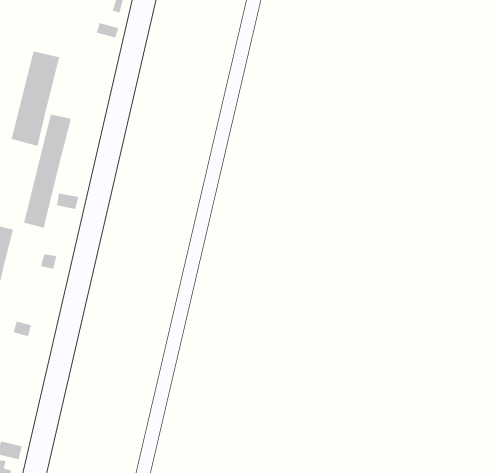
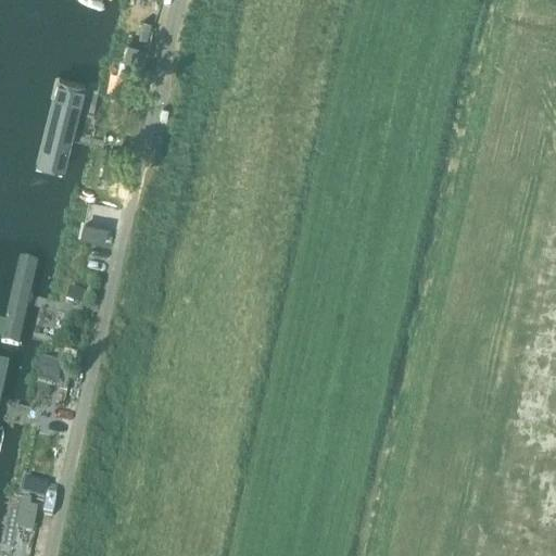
building: [24,114,71,229] -> none

